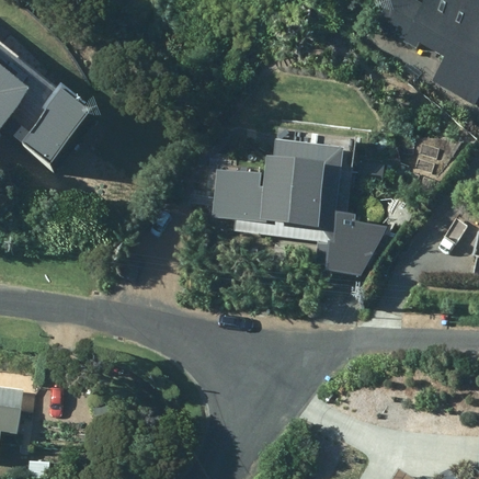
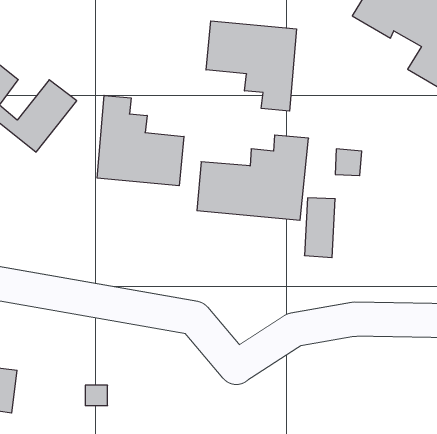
building: none -> [206,21,296,111]
building: none -> [97,95,184,186]

